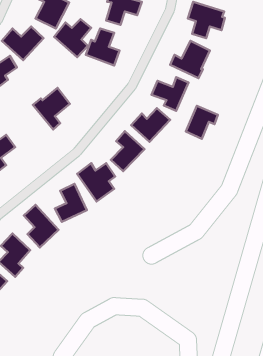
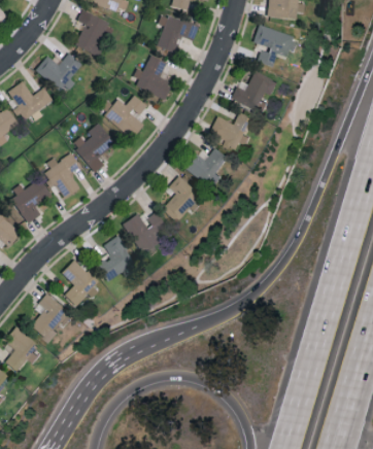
building: [54,19,91,57] -> [104,95,147,139]
building: [186,106,218,139] -> none
building: none -> [45,153,79,200]

